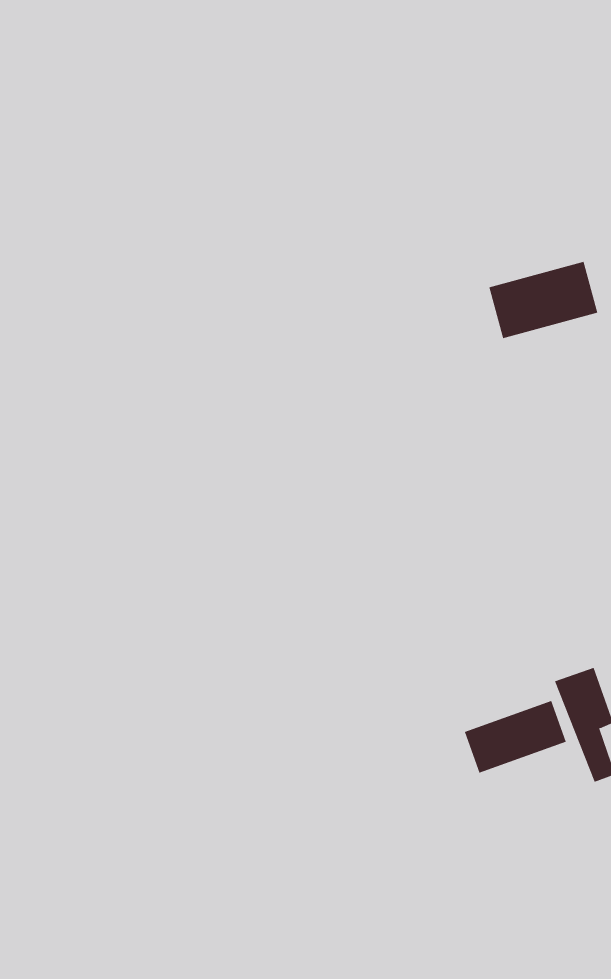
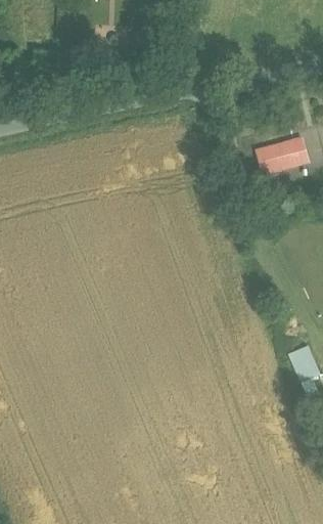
building: [464,700,567,773] -> none

